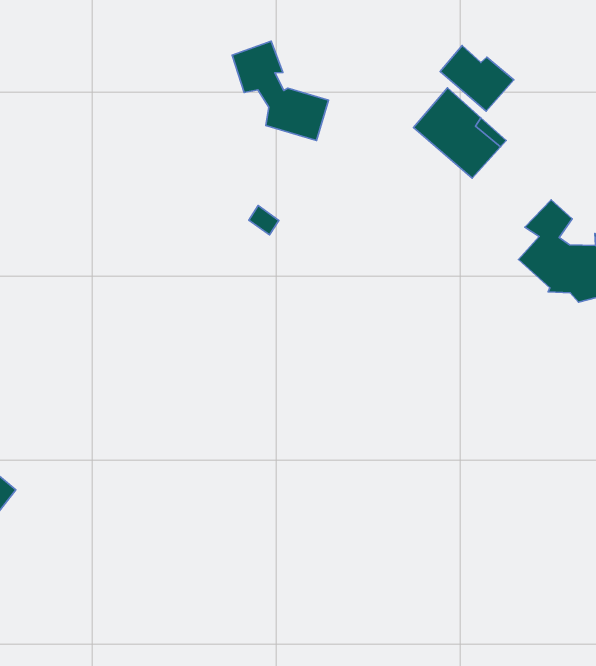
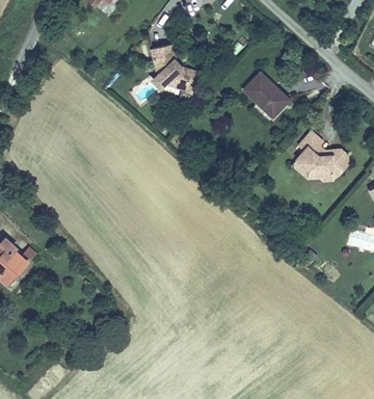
building: [440,45,514,111] -> none

